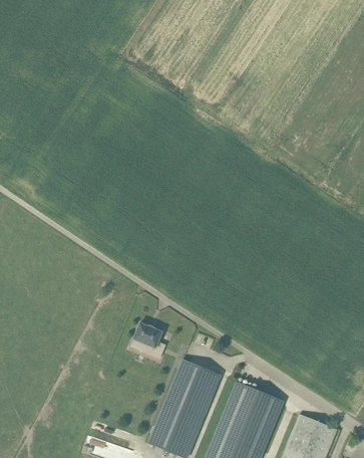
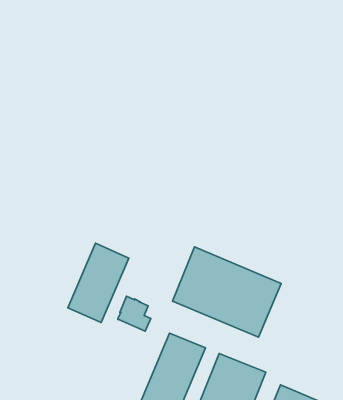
building: none -> [68,243,129,323]
building: none -> [172,247,281,337]

